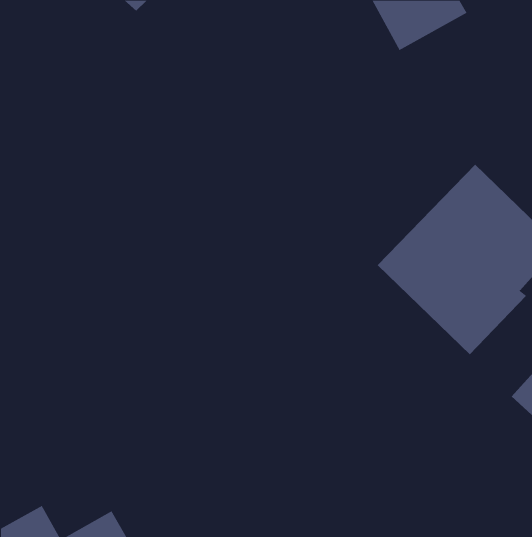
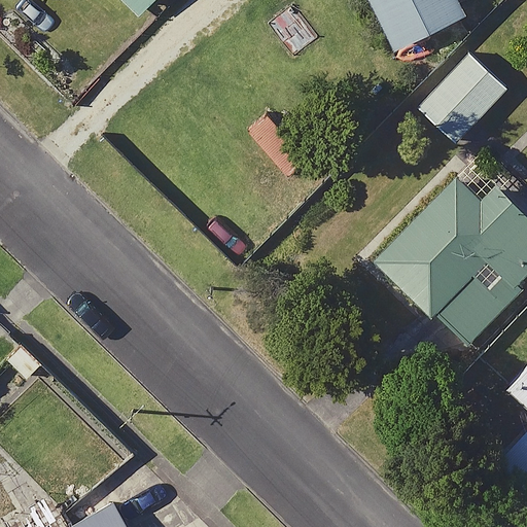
building: none -> [415,50,508,145]

